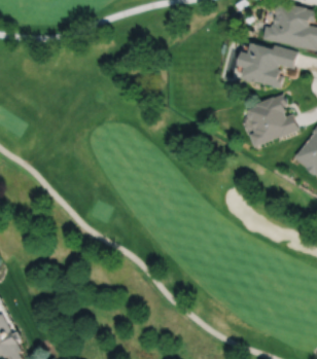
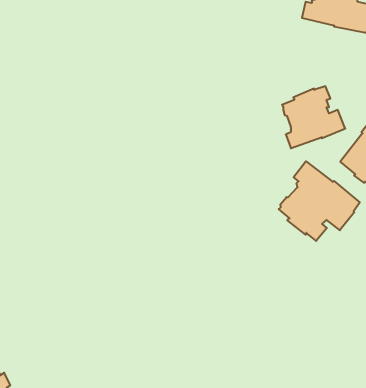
building: [236,42,296,88] -> none
building: none -> [279,161,360,241]

